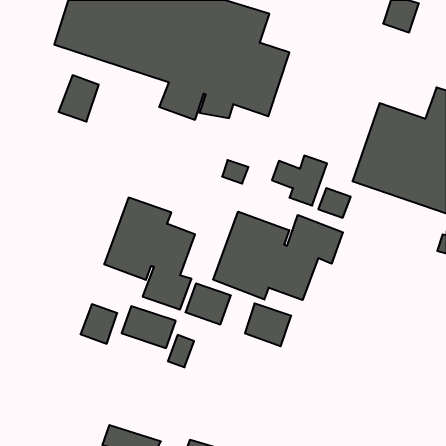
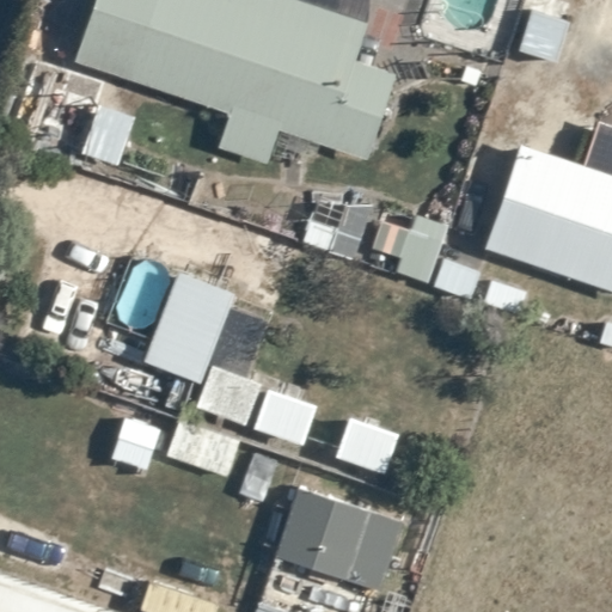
building: [213,212,343,300] -> none
building: none -> [277,489,402,590]

